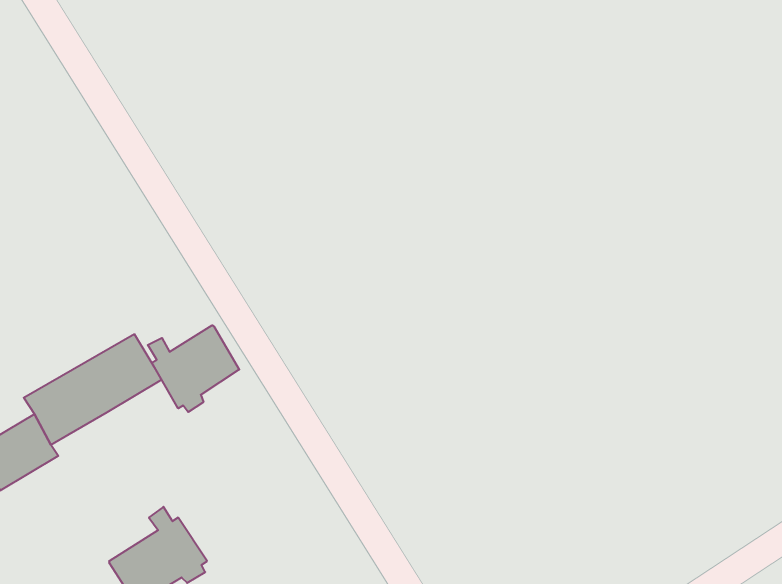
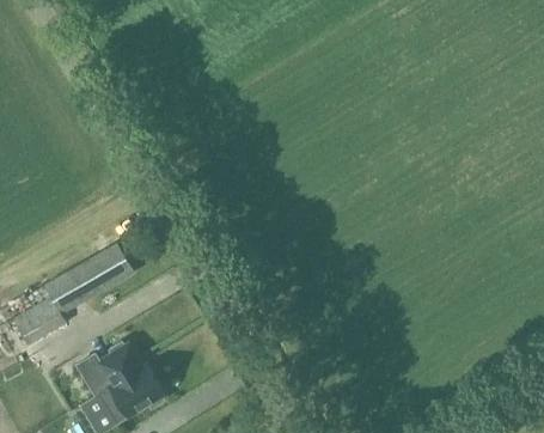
building: [148,325,239,412] -> none
building: none -> [74,341,134,396]

